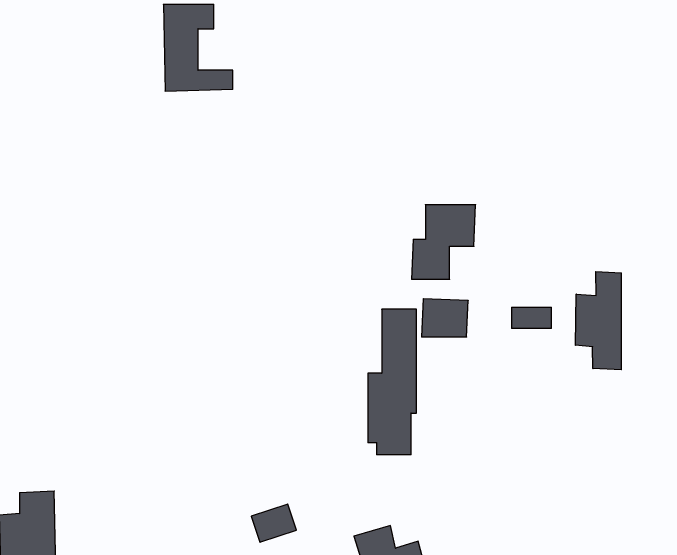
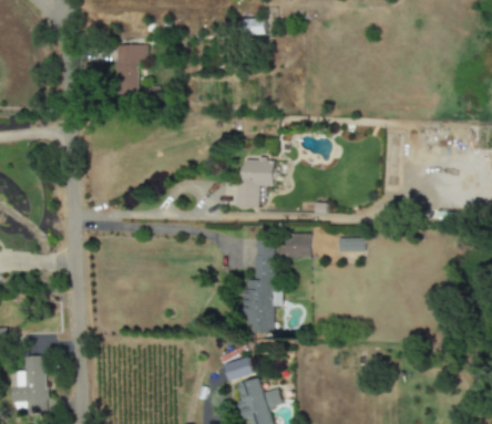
building: [412,205,476,279] -> [235,159,276,207]
building: [575,272,621,370] -> none
building: [251,504,296,542] -> [225,356,254,381]

